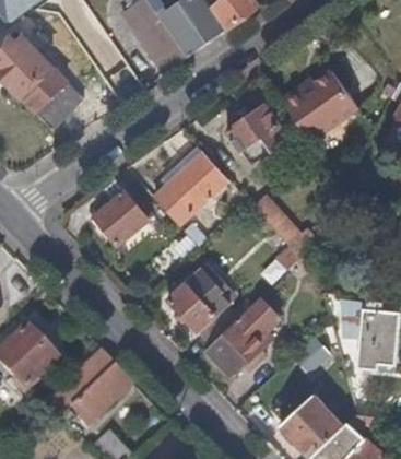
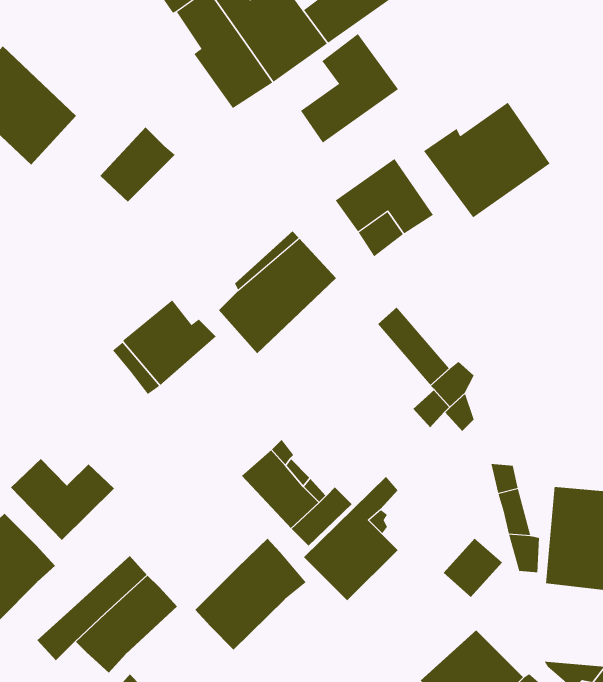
building: none -> [300,33,399,143]
building: [39,76,86,123] -> [100,126,176,202]
building: none -> [10,458,115,541]
building: none -> [195,538,307,651]

